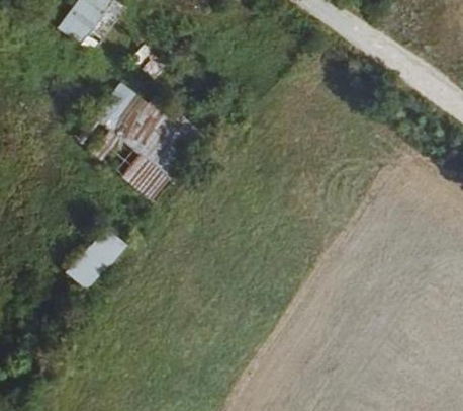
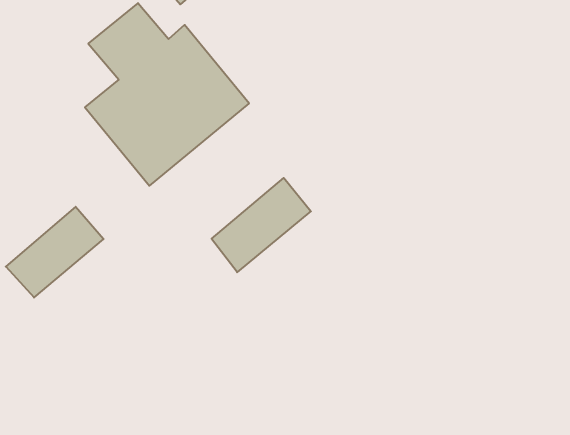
building: none -> [212,178,311,272]

